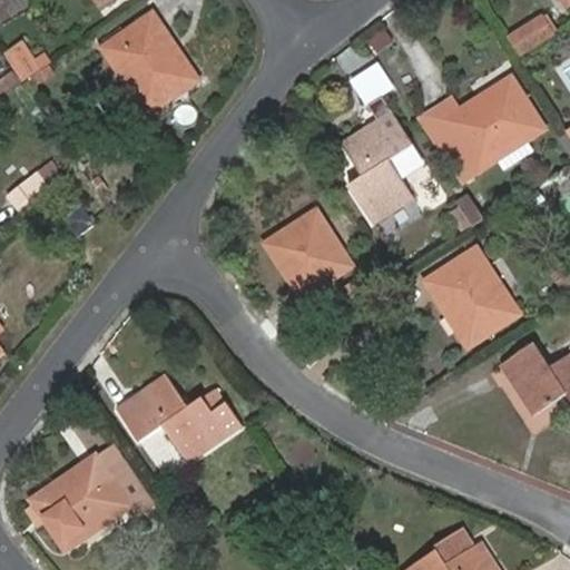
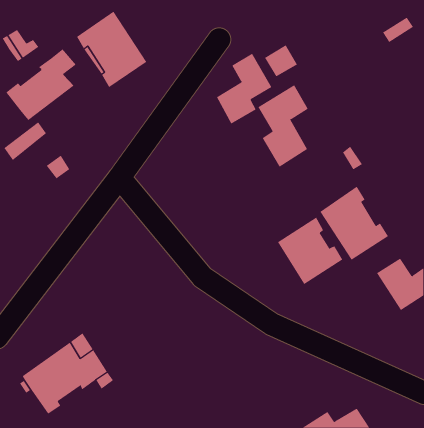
building: none -> [5,49,76,121]
building: none -> [216,53,272,125]
building: [442,77,542,171] -> none
building: [264,209,352,299] -> [277,217,343,285]
building: [117,375,238,460] -> none

